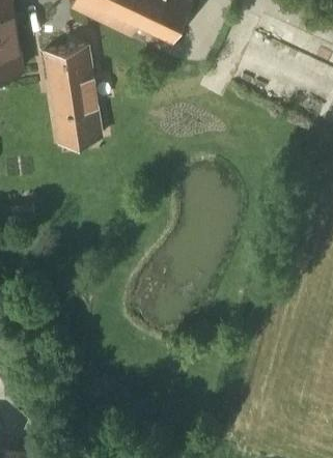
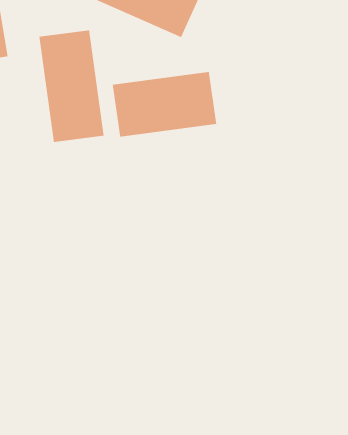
building: none -> [112,71,217,138]

